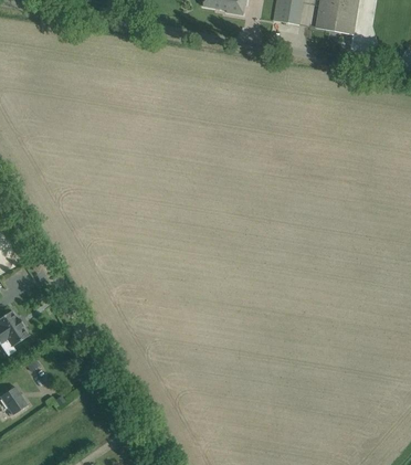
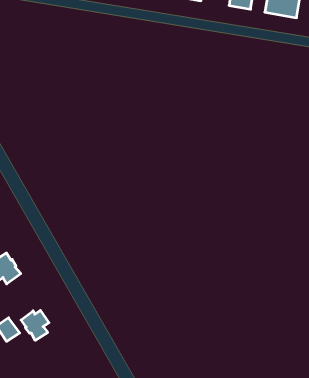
building: none -> [21,310,49,340]

